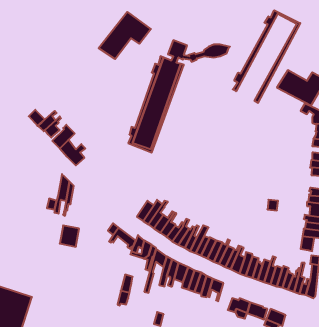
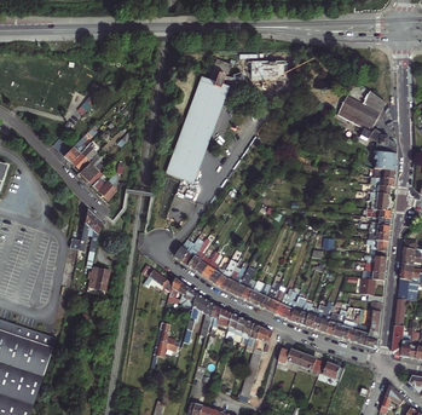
building: [233,10,300,103] -> none
building: [99,12,151,59] -> none

